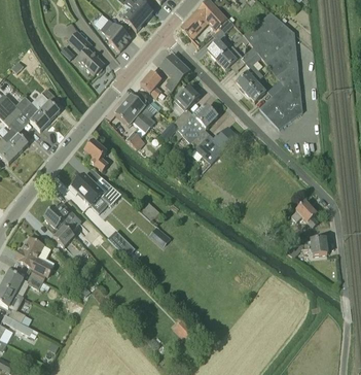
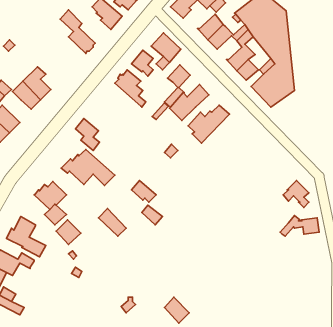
building: [115,104,149,149] -> none

